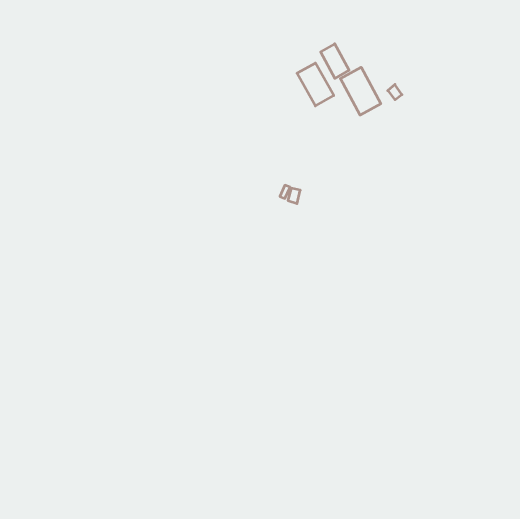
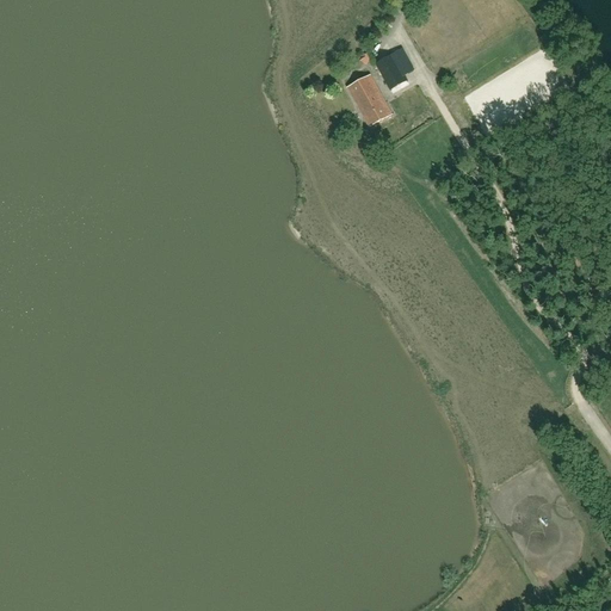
building: [340,67,381,115] -> none

